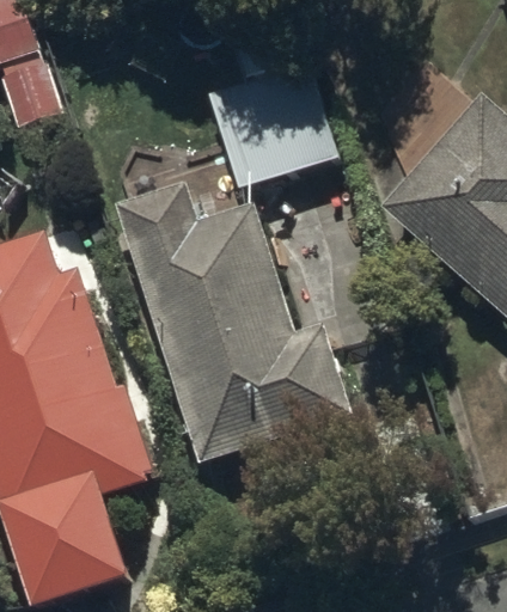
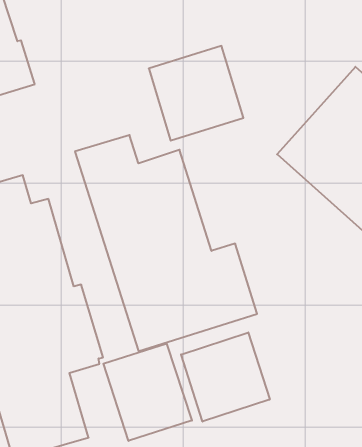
building: none -> [181,332,270,422]
building: none -> [103,343,192,441]

